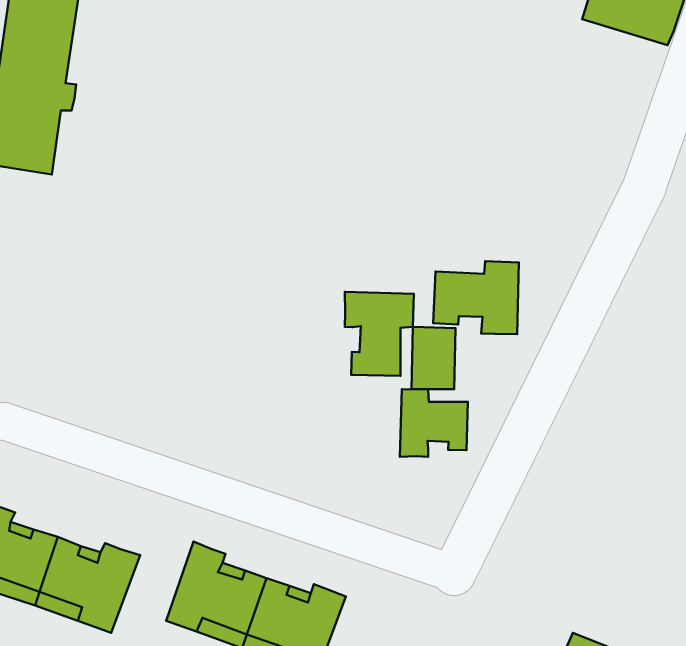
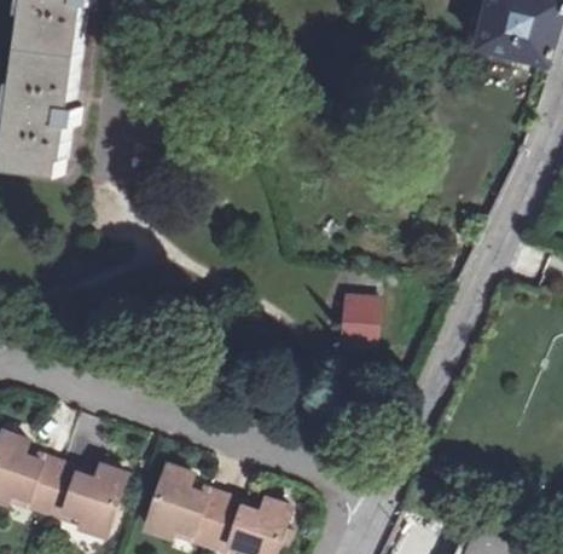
building: [433,261,519,334] -> none
building: [345,292,414,376] -> none
building: [400,389,468,457] -> none

